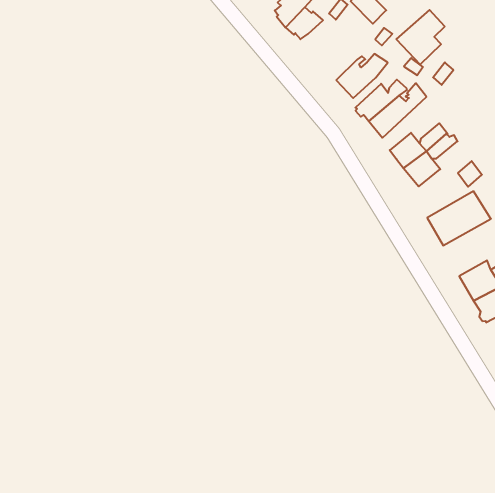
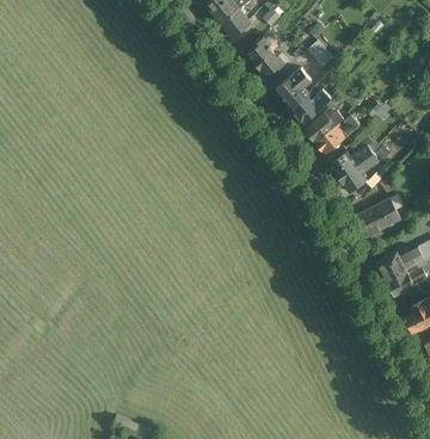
building: [396,10,445,65] -> [276,67,313,107]

